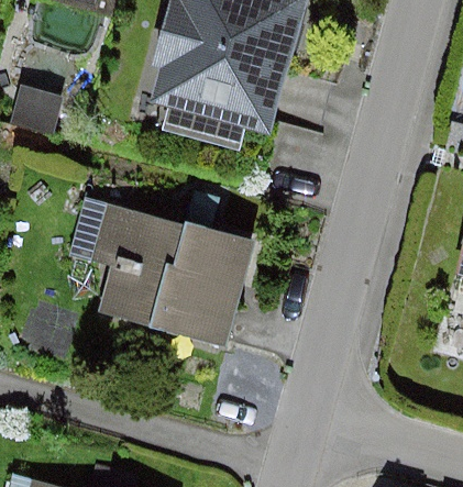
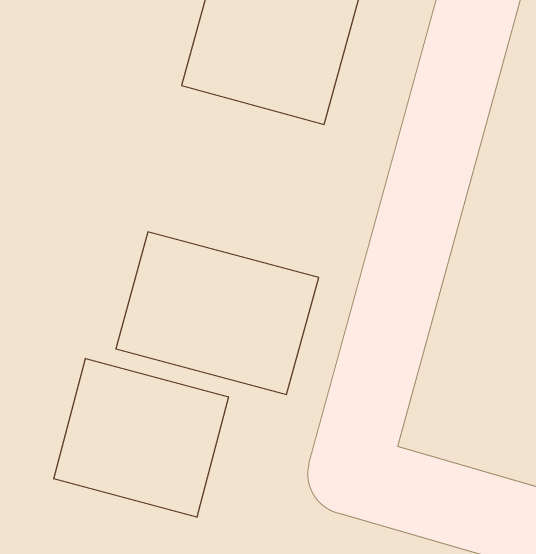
building: none -> [54,358,228,517]

